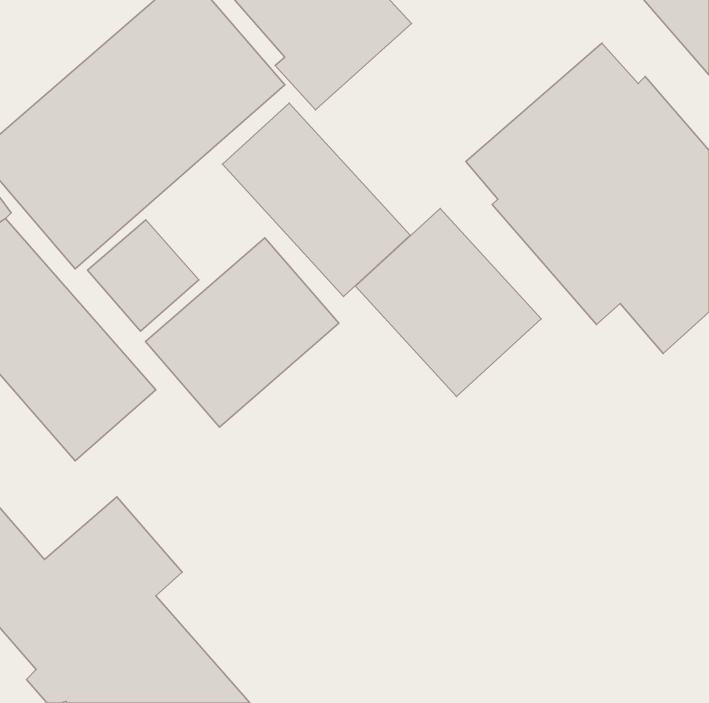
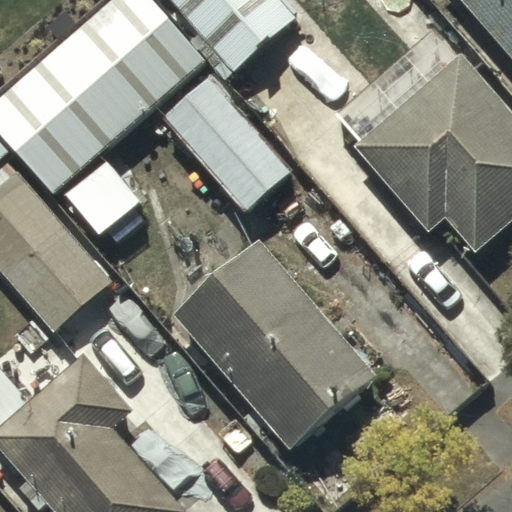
building: [356,208,541,396] -> none
building: [145,238,339,427] -> none
building: none -> [174,240,375,448]

